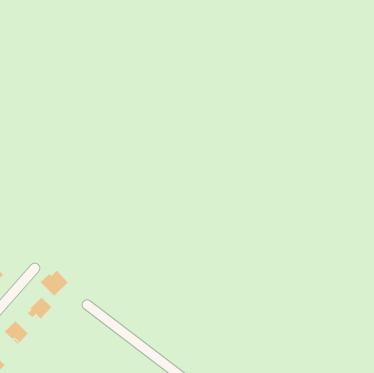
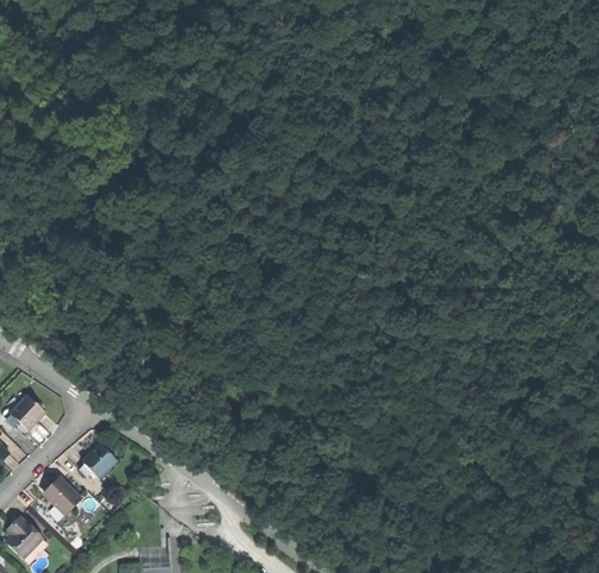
building: [40,270,68,297] -> none

